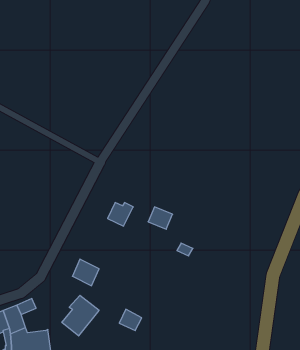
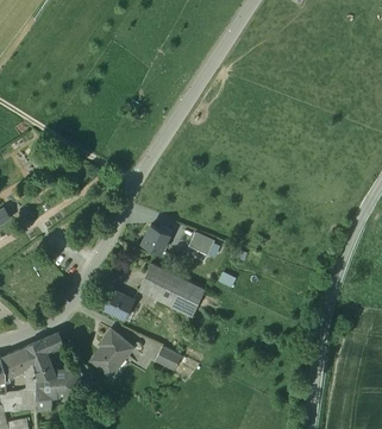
building: none -> [138,264,205,316]

